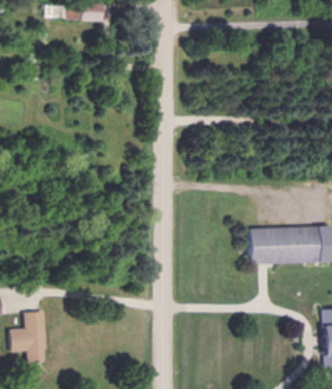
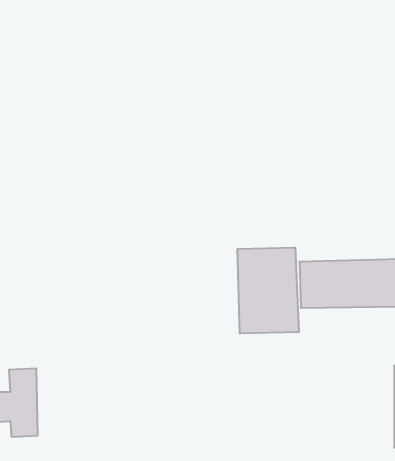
building: none -> [238,247,299,334]

